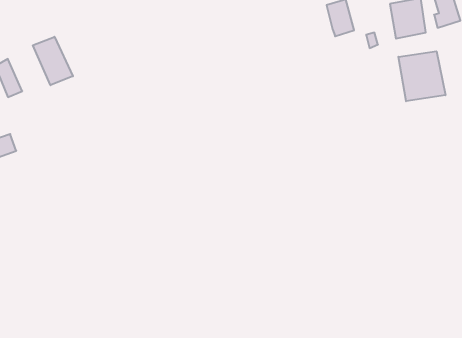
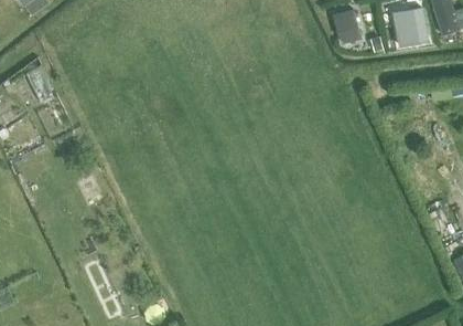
building: [33,37,73,85] -> none
building: [398,51,445,101] -> none

